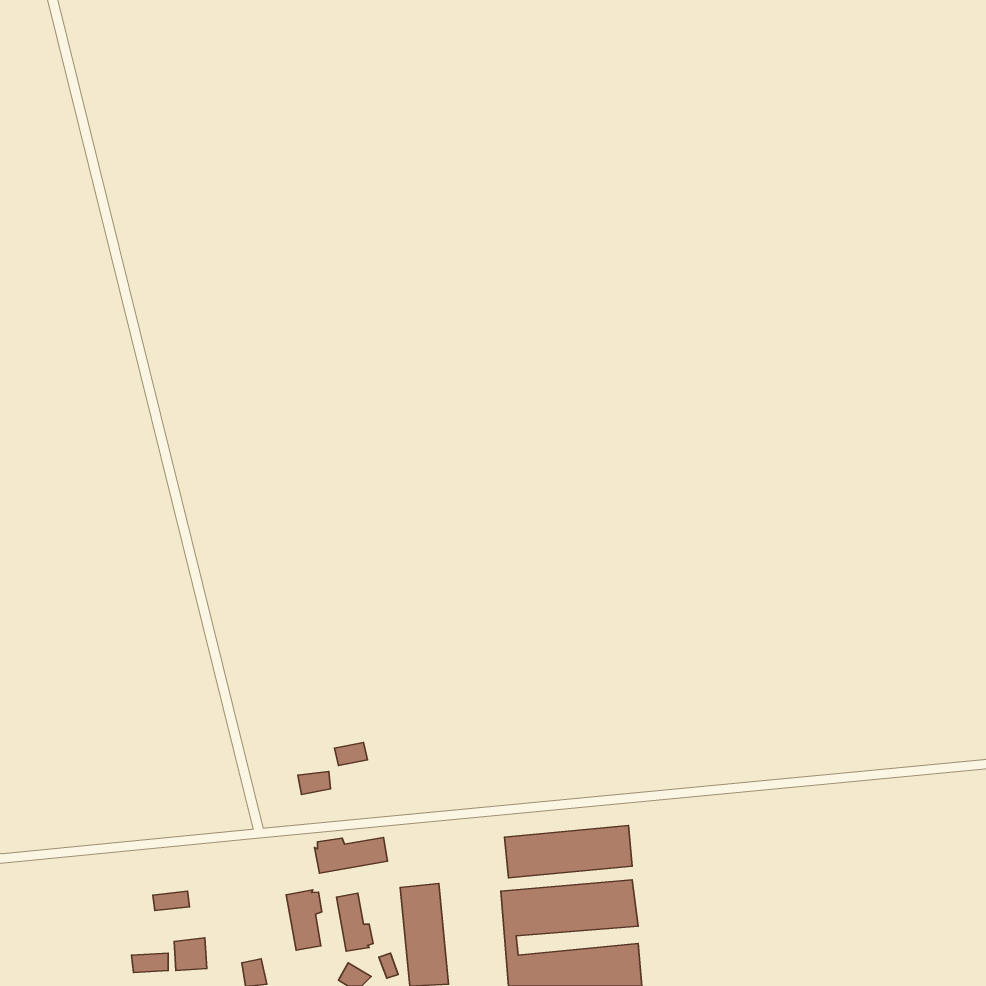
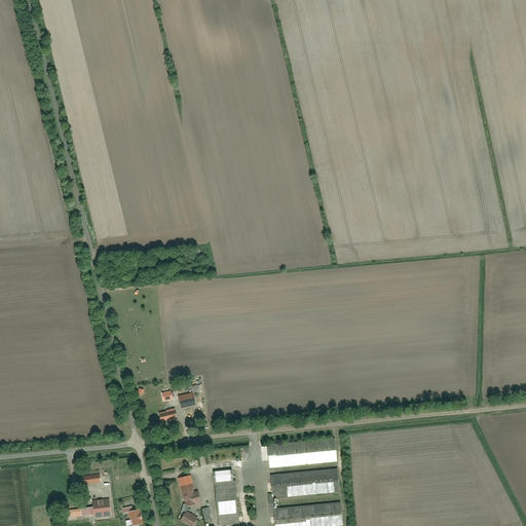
building: [315,837,388,873] -> none
building: [286,890,322,950] -> none

